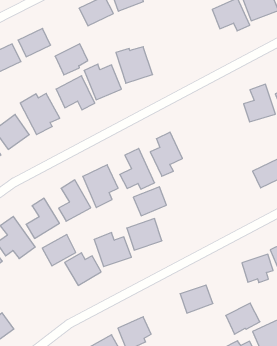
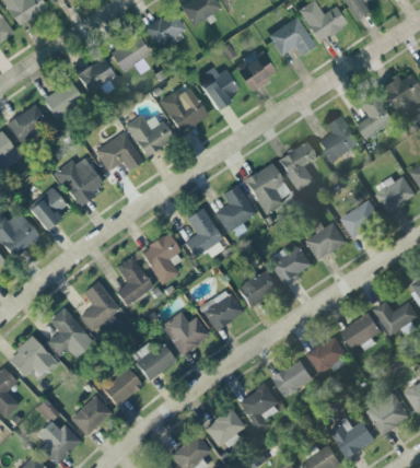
building: none -> [236,48,277,89]
building: none -> [201,66,238,110]
building: [55,44,88,75] -> [77,56,116,95]
building: none -> [278,141,317,191]
building: none -> [244,162,292,214]
building: none -> [306,220,348,260]
building: [133,187,166,216] -> [237,270,278,307]
building: none -> [272,247,313,284]
building: [42,235,76,266] -> [102,367,142,407]
building: none -> [70,395,112,436]
building: none -> [238,384,282,432]
building: [226,303,260,334] -> [307,336,349,375]

